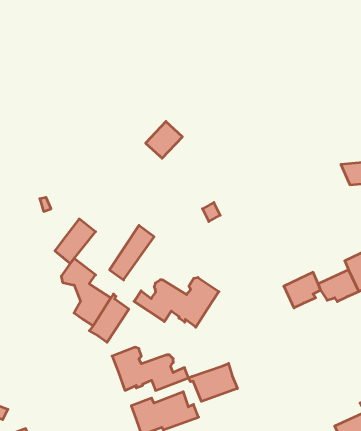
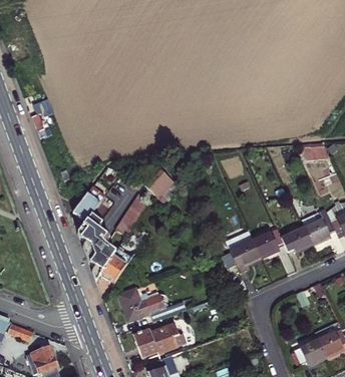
building: [146,121,182,158] -> [145,169,175,199]
building: none -> [226,230,262,273]
building: [134,277,219,327] -> none
building: [188,363,237,401] -> none

